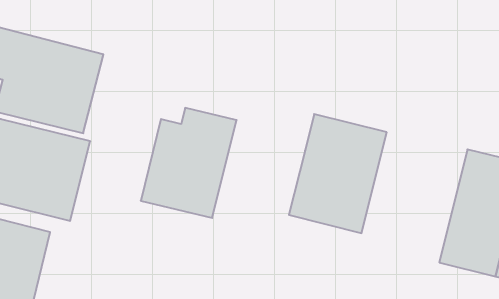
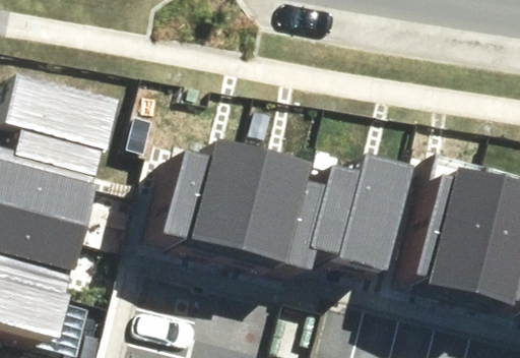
building: none -> [228,155,321,272]
building: none -> [398,169,484,298]

